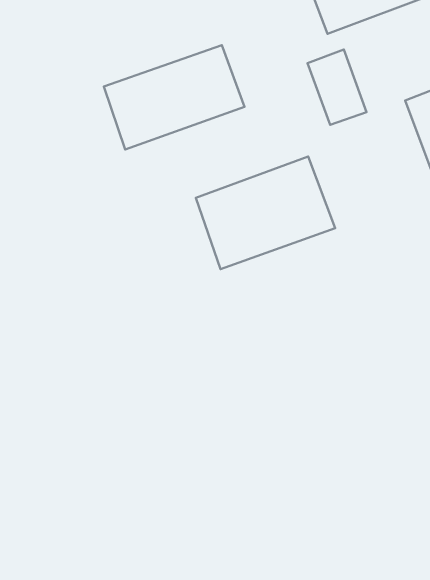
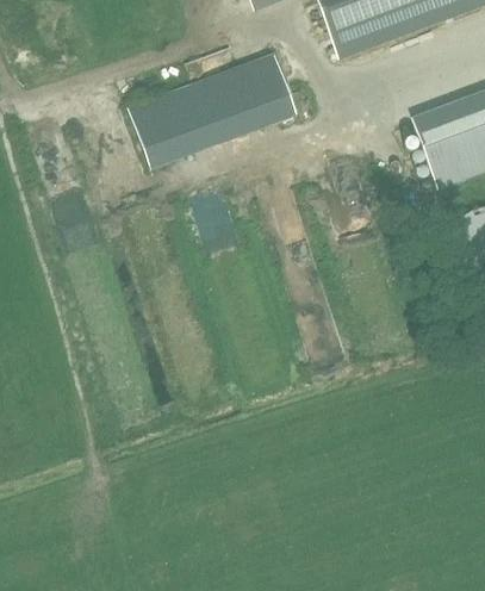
building: [308,49,367,125] -> [241,55,297,126]
building: [196,156,335,269] -> none

